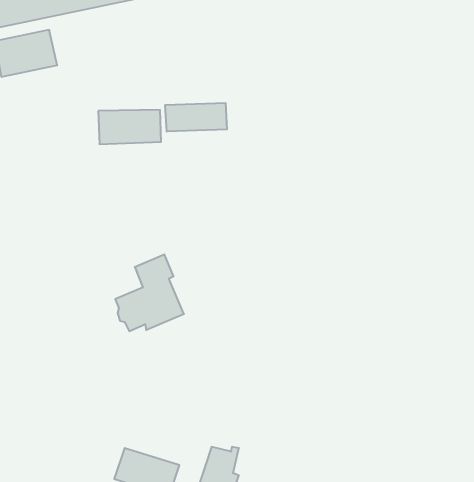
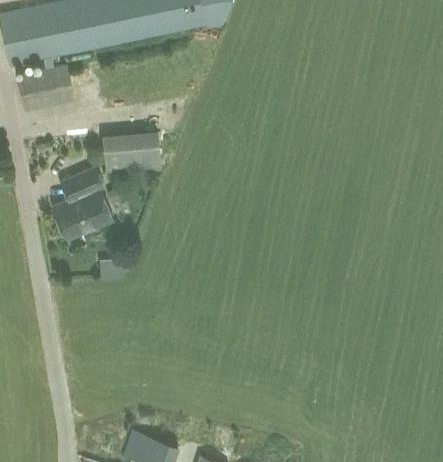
building: [165,103,227,132] -> none
building: [115,254,184,331] -> [52,168,112,235]

